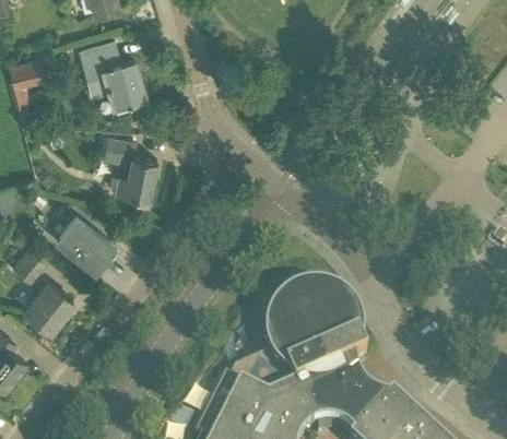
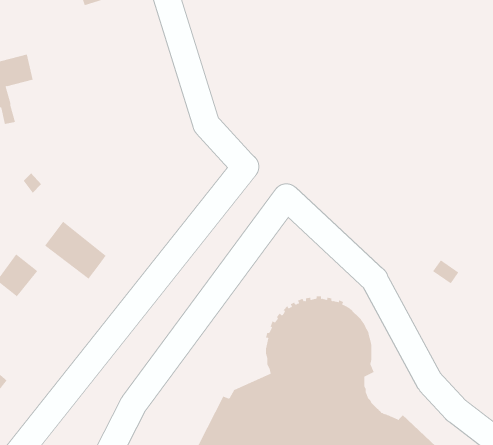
building: [80,39,148,106] -> none
building: [105,132,161,199] -> none
building: [26,281,73,329] -> none

